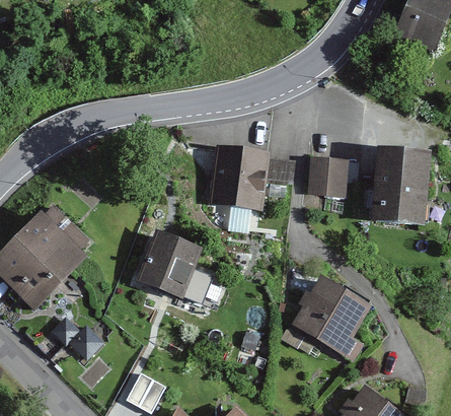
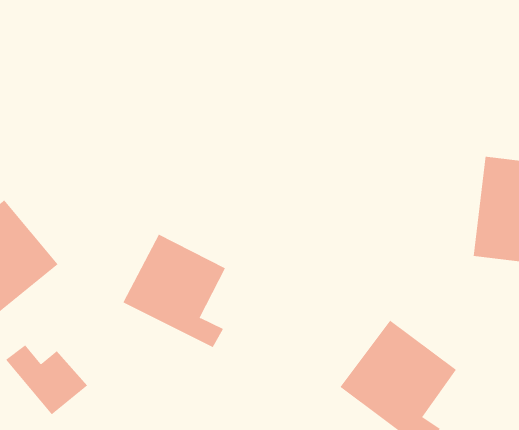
building: [208,147,275,213] -> none
building: [309,157,352,200] -> none

